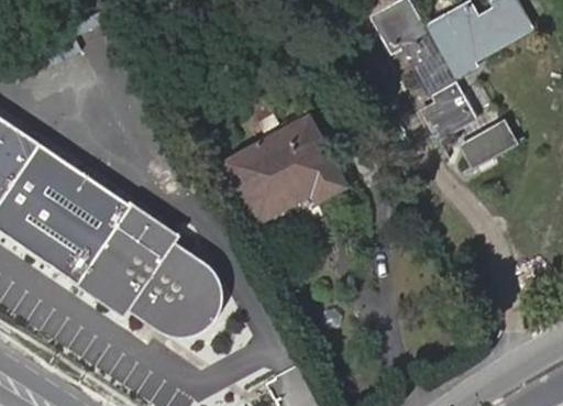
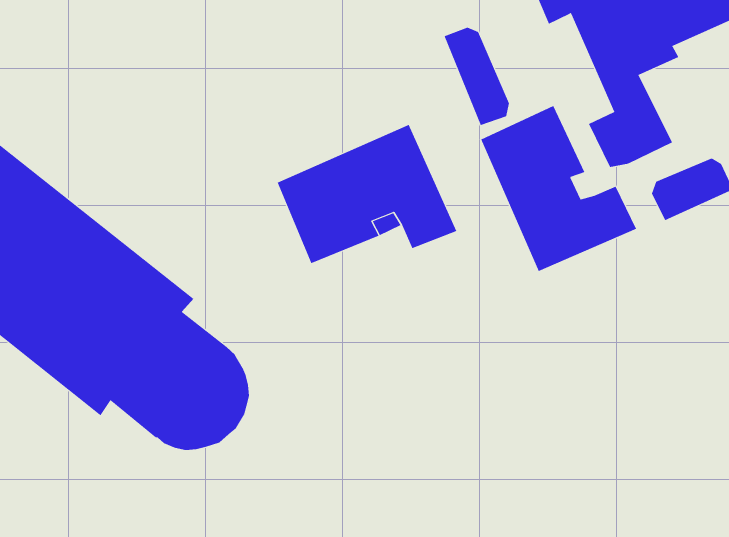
building: none -> [444,27,509,126]
building: none -> [480,105,637,272]

